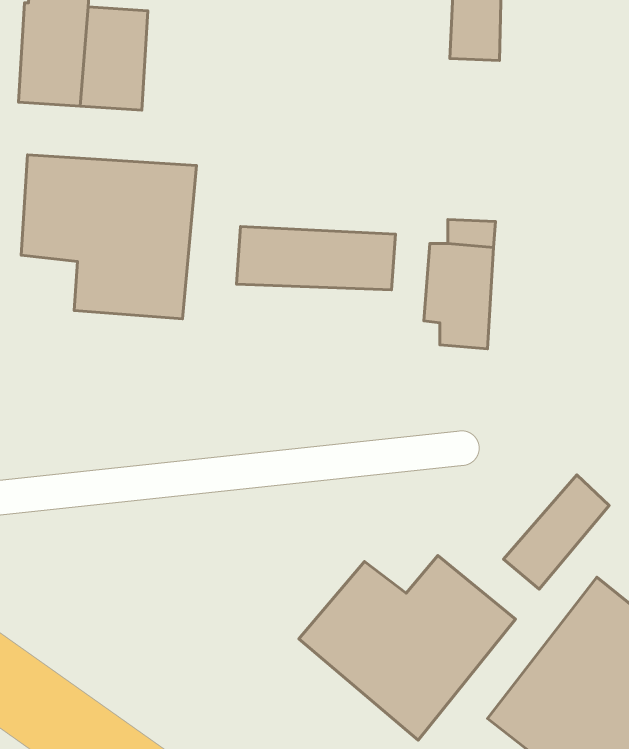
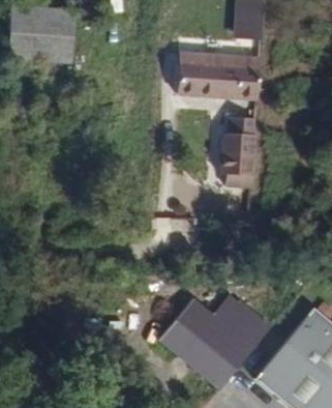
building: [21,155,197,319] -> none
building: [237,226,396,290] -> [180,63,263,96]
building: [504,475,609,589] -> none

